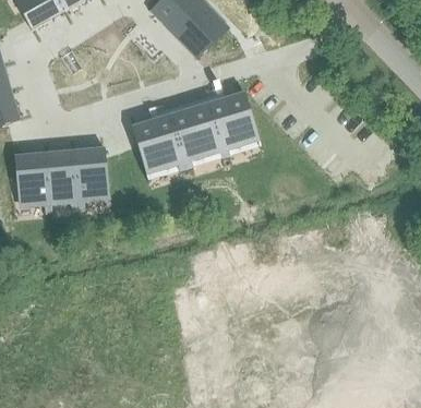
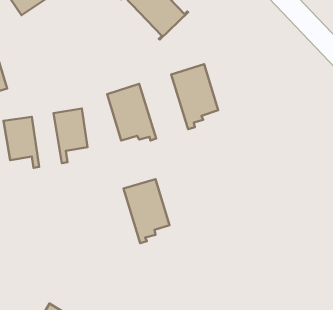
building: [170,100,224,175] -> [123,179,170,243]
building: [46,145,81,204] -> none

